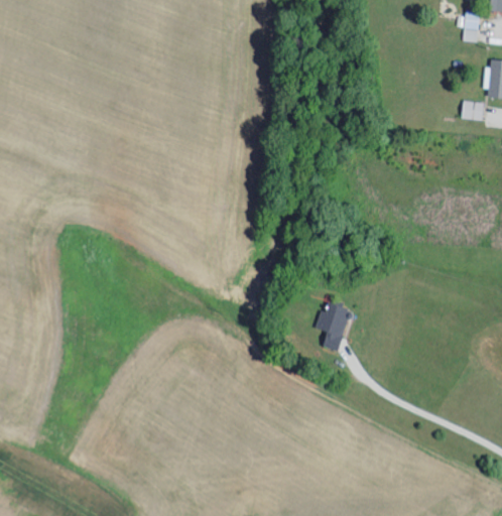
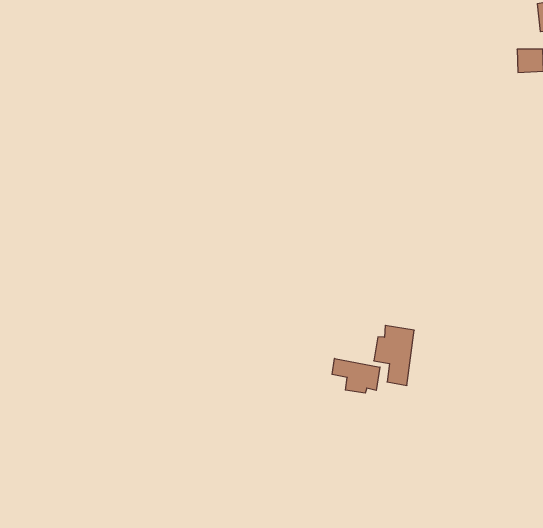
building: none -> [332,358,380,393]

